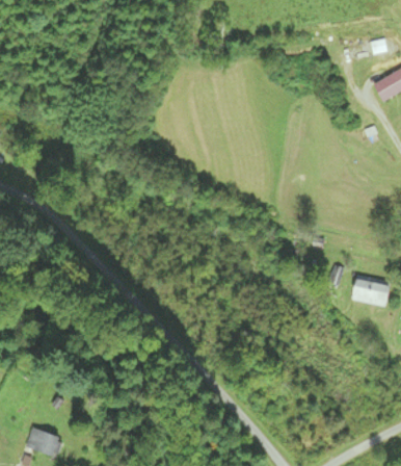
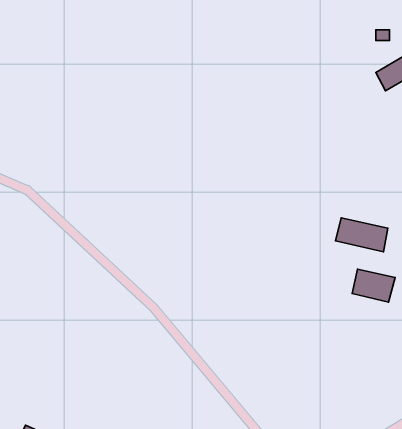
building: none -> [336,218,388,252]

